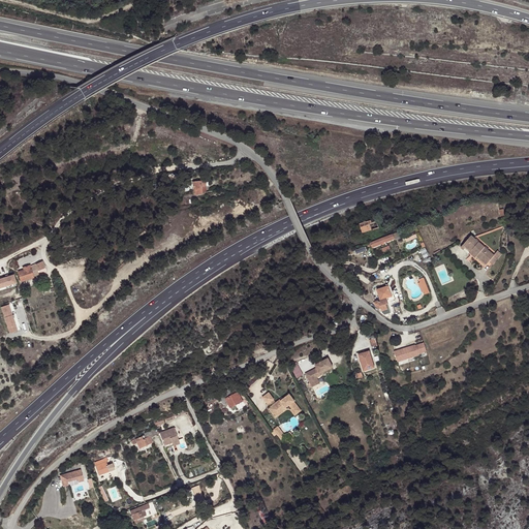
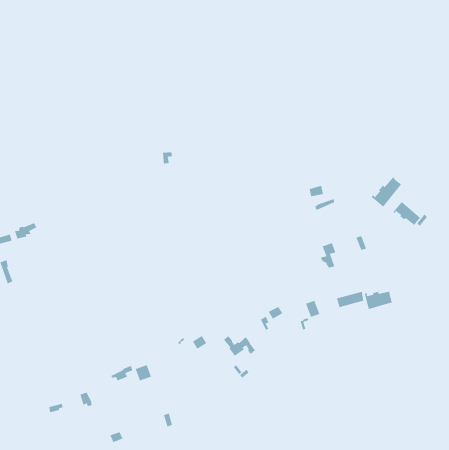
building: none -> [371,177,402,207]
building: none -> [364,291,392,310]

